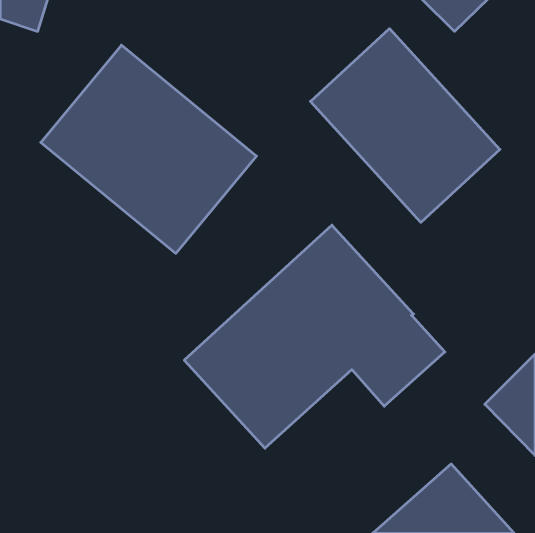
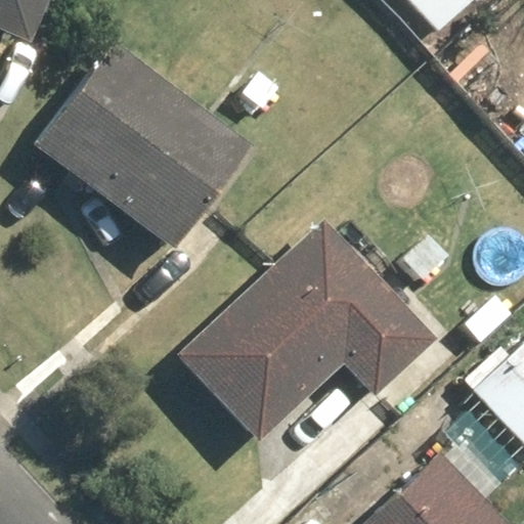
building: [310,29,500,222] -> none

